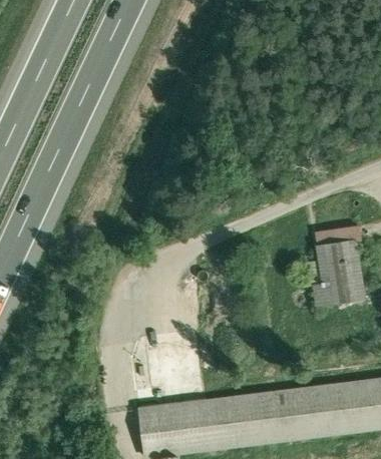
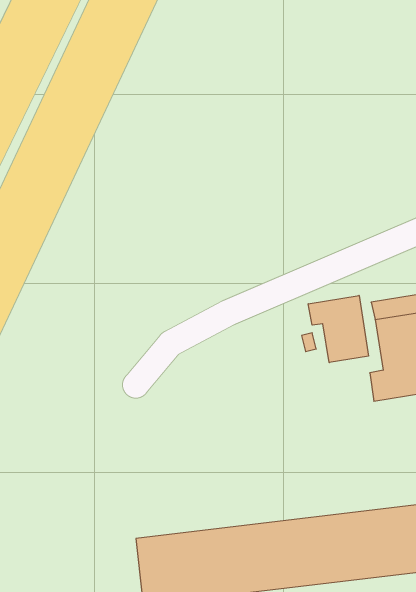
building: none -> [308,295,368,363]

